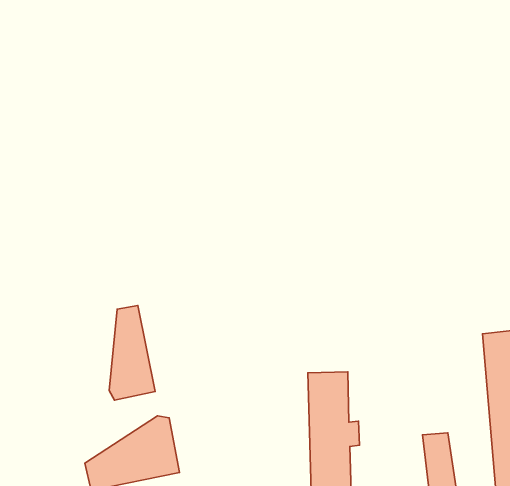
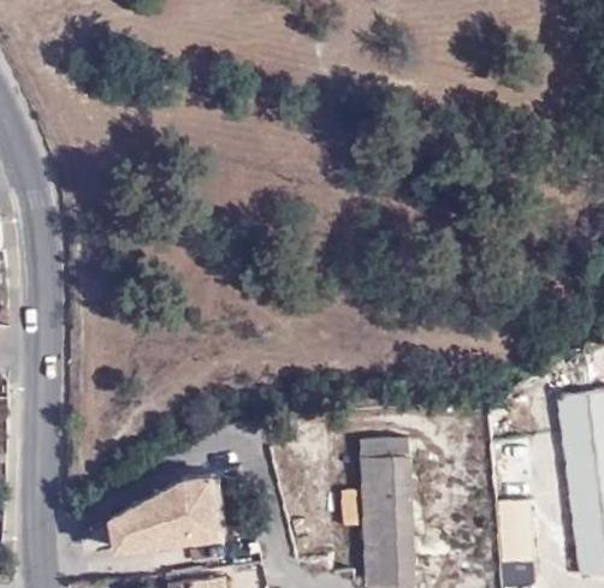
building: [109,306,155,400] -> none

